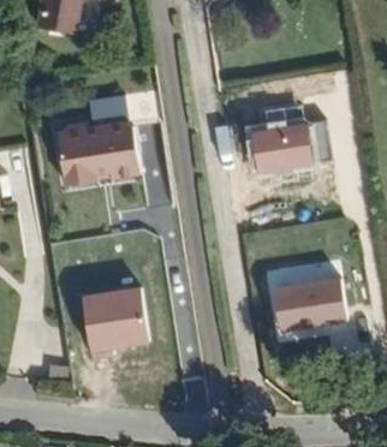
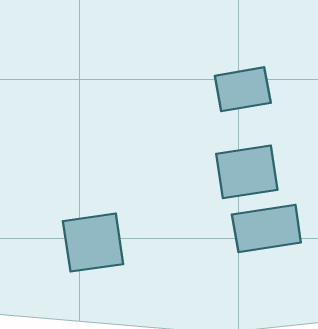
building: [54,111,137,177] -> none
building: none -> [216,145,277,198]

